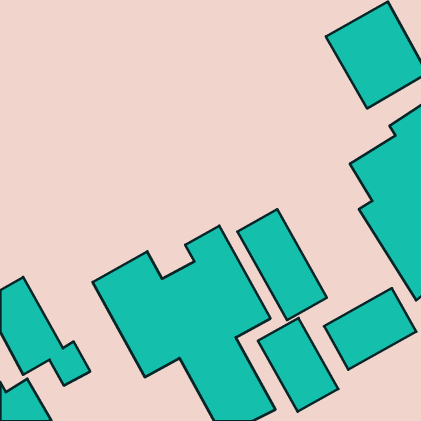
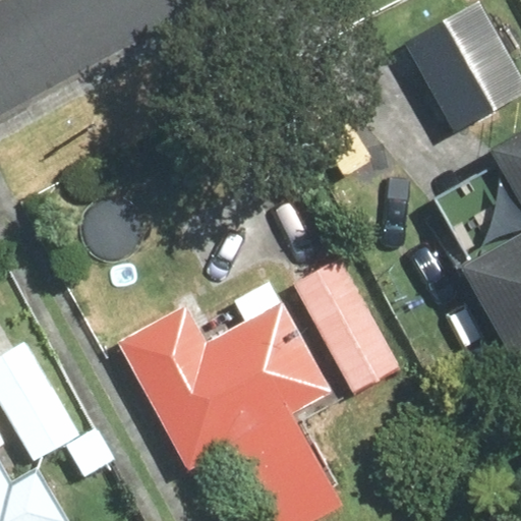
building: [324,288,416,370] -> none
building: [258,318,338,412] -> none

